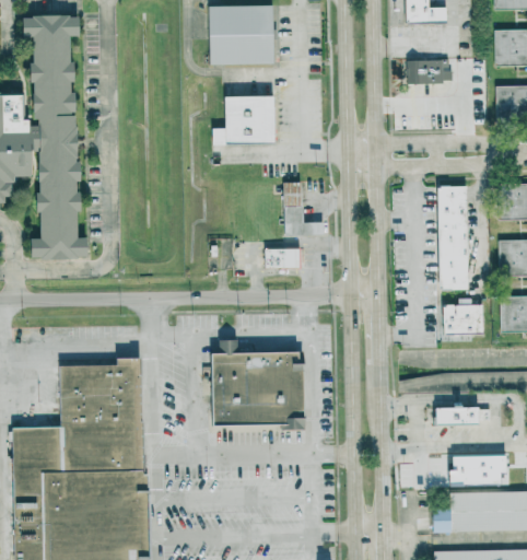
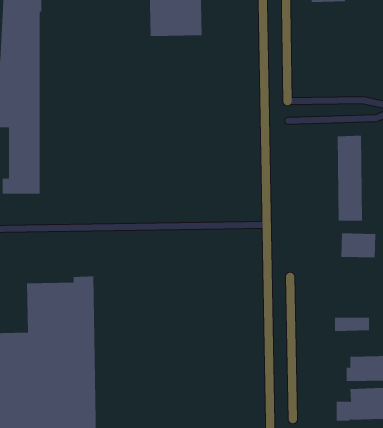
building: [408,59,452,83] -> none
building: [212,95,274,143] -> none
building: [284,182,325,234] -> none
building: [266,247,301,267] -> none
building: [211,339,303,429] -> none

